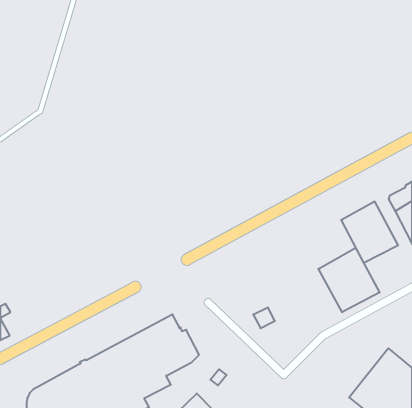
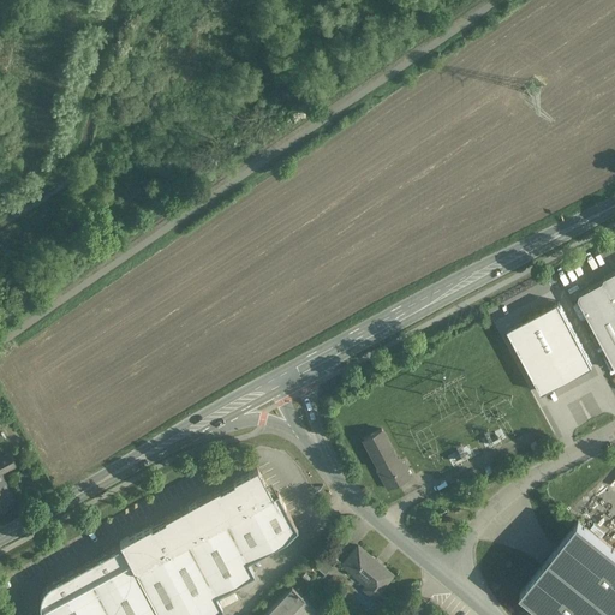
building: [318,248,380,312] -> none
building: none -> [363,435,398,474]
building: none -> [342,553,393,604]

